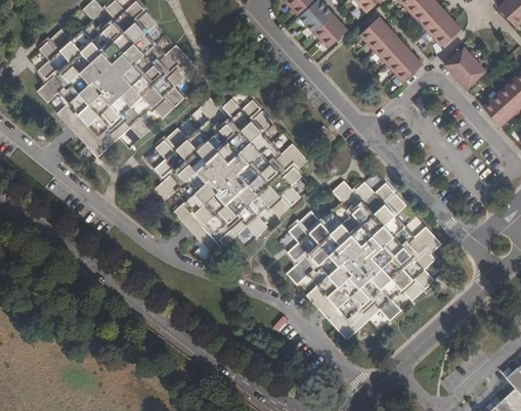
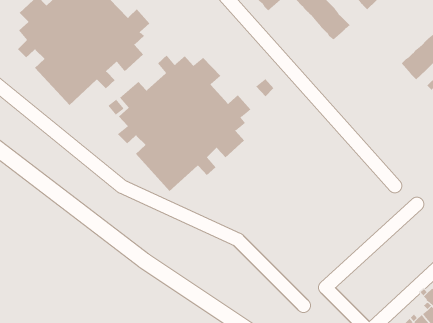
building: [442,48,484,89] -> none
building: [287,181,441,338] -> none

